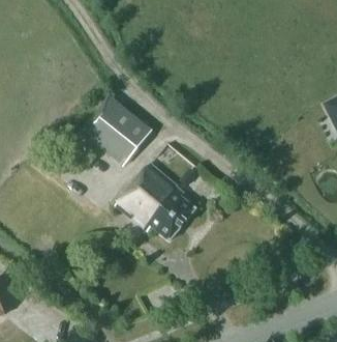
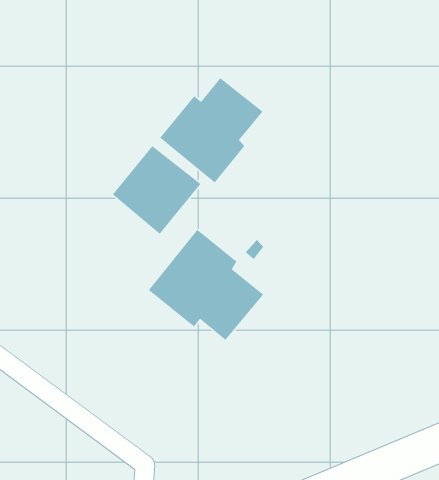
building: none -> [159,77,263,183]

